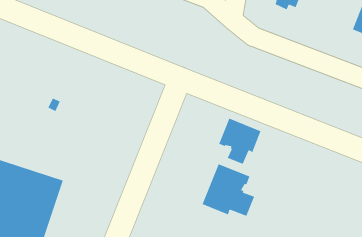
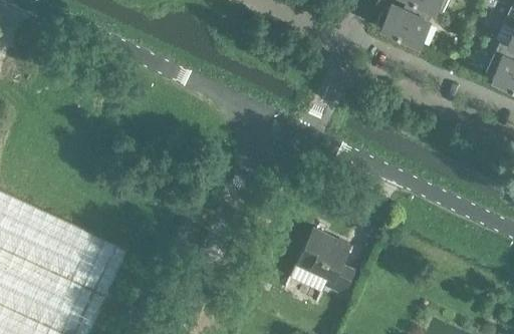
building: [218,118,262,165] -> none

